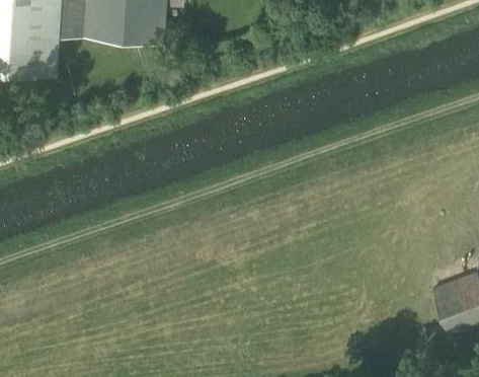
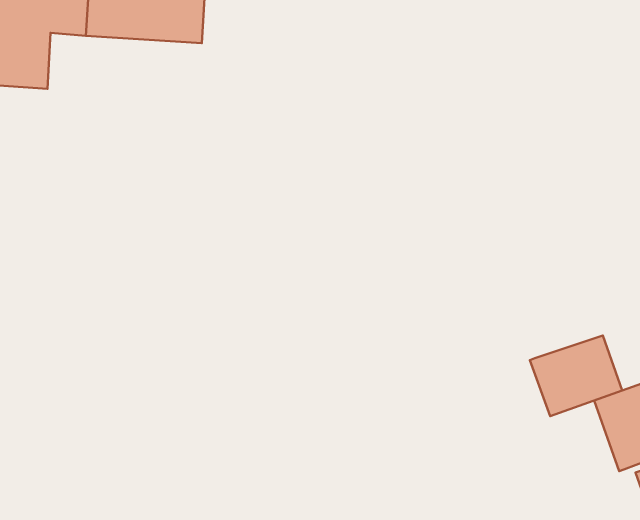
building: none -> [530,335,622,416]

